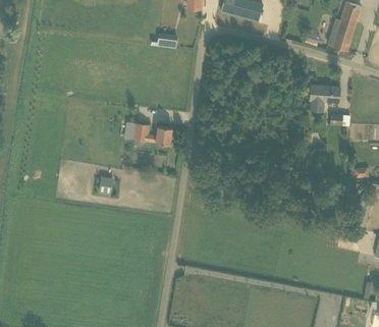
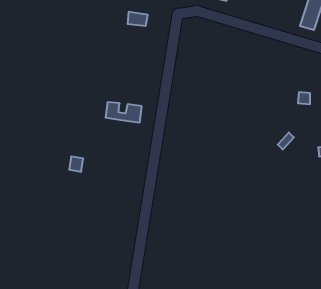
building: [308,86,338,112] -> none

